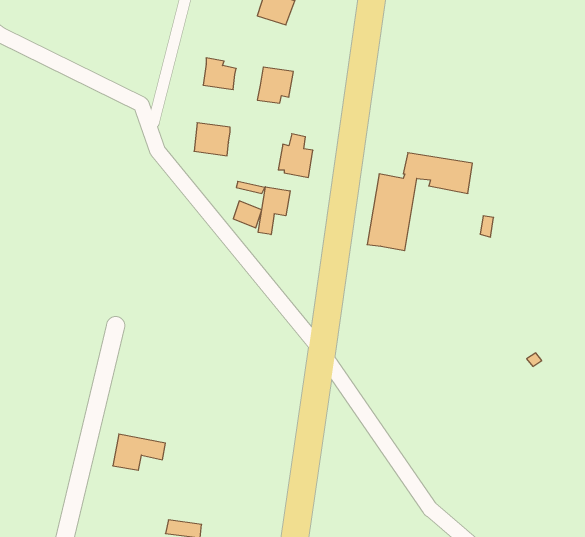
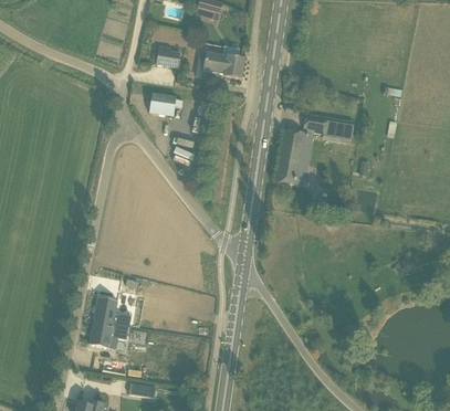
building: [278,134,313,177] -> [218,45,243,77]
building: [258,187,290,235] -> none
building: none -> [93,296,129,326]

